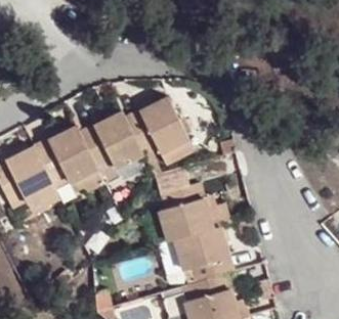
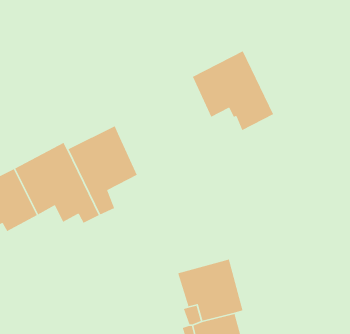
building: [125,95,196,165] -> [192,50,274,131]
building: [155,182,213,239] -> none

